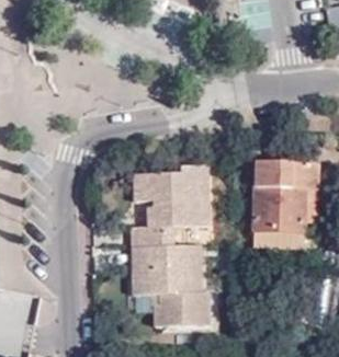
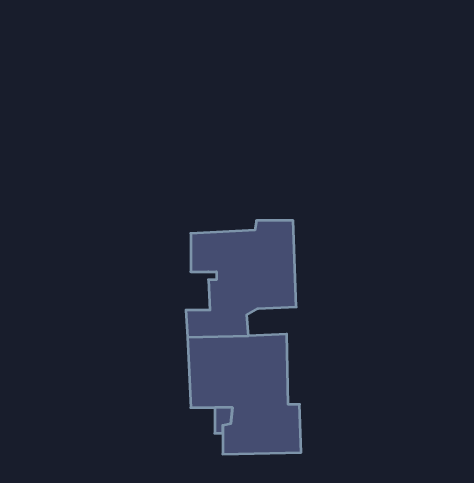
building: [251,160,316,249] -> none

